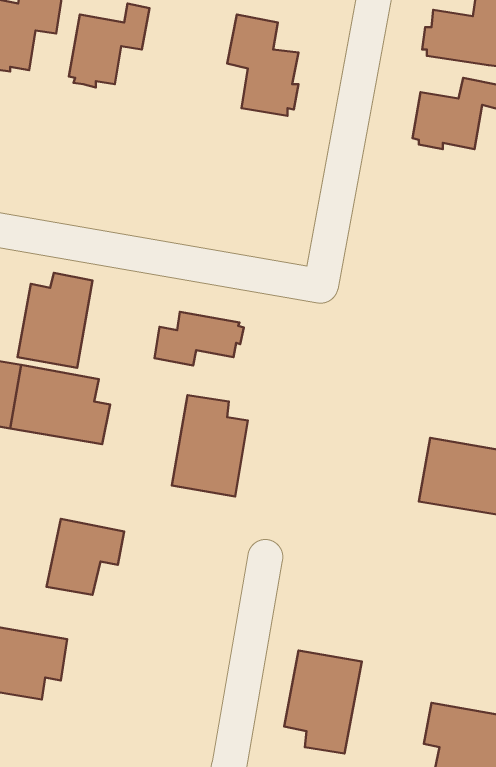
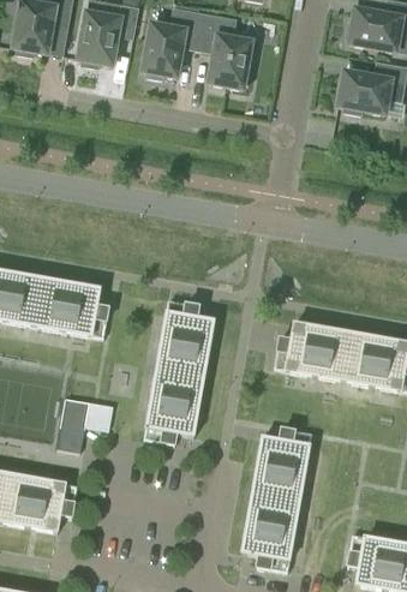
building: none -> [143,6,205,78]
building: [18,273,92,368] -> none
building: [155,312,244,366] -> none
building: none -> [274,322,352,381]
building: none -> [144,369,204,444]
building: none -> [252,427,312,502]

